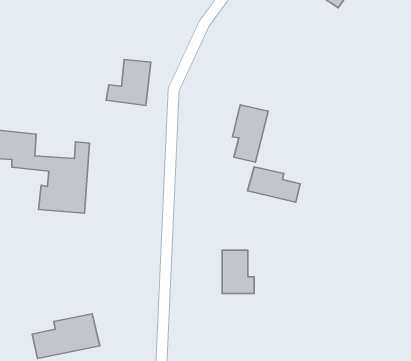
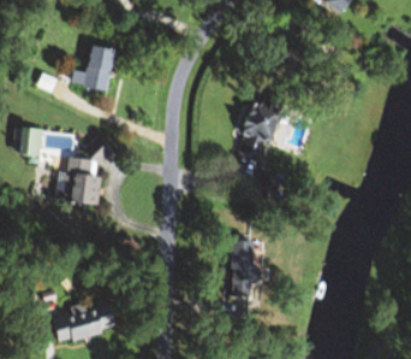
building: [106,59,151,105] -> [72,47,114,90]
building: [248,167,300,202] -> none

